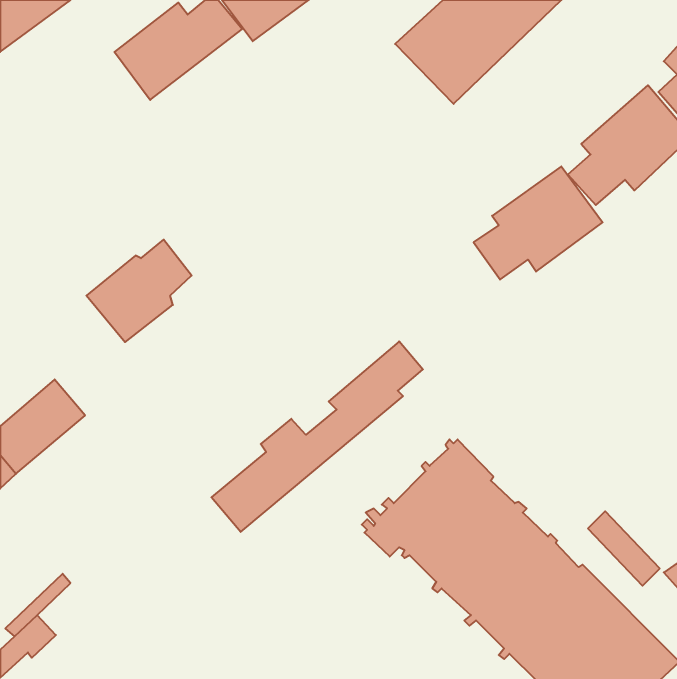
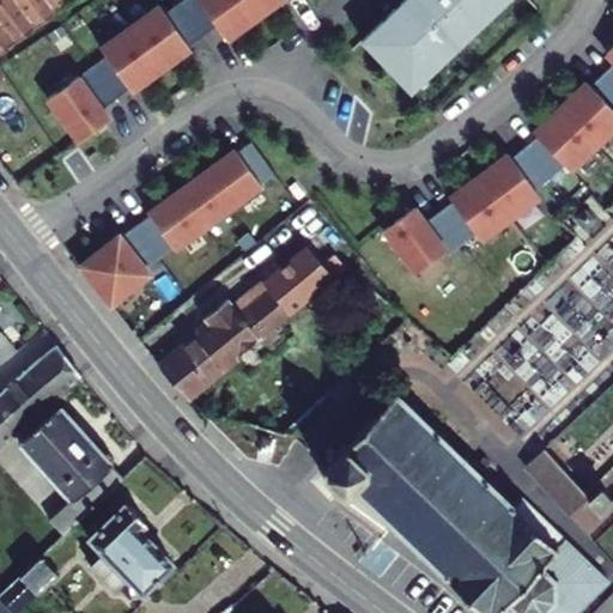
building: none -> [49,53,135,139]
building: none -> [152,141,279,254]
building: none -> [381,205,453,279]
building: [211,341,423,532] -> [154,221,345,393]
building: none -> [16,402,120,504]
building: none -> [81,497,166,587]

